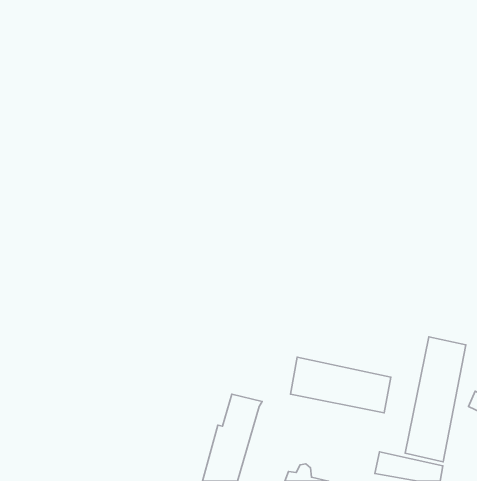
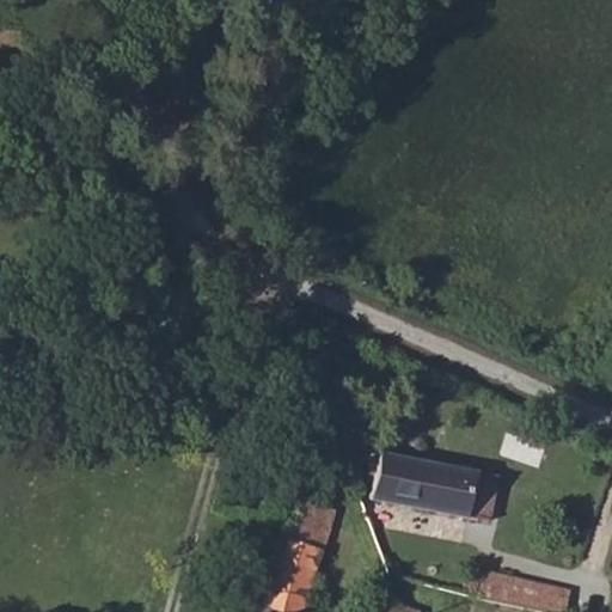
building: [405,337,466,462] -> none

